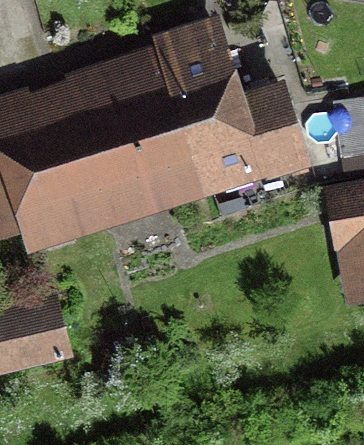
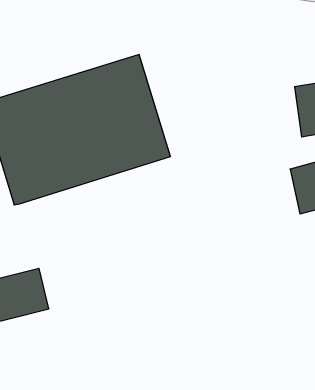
building: [163,48,303,181] -> none

